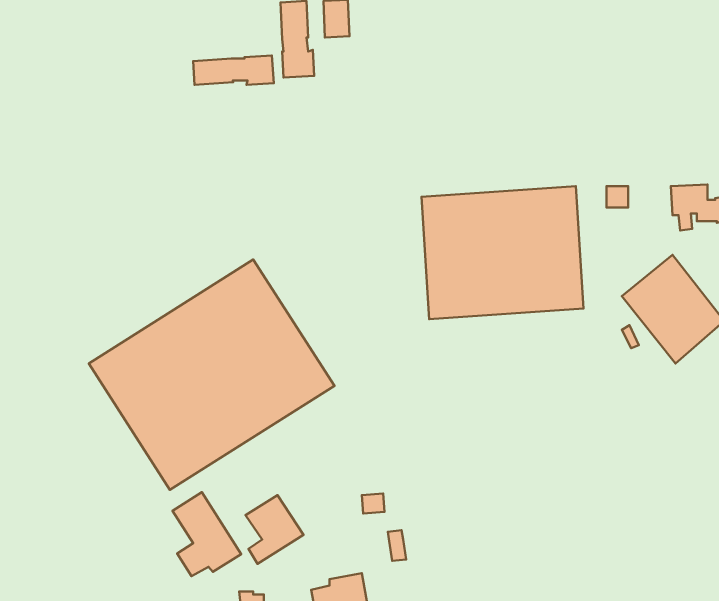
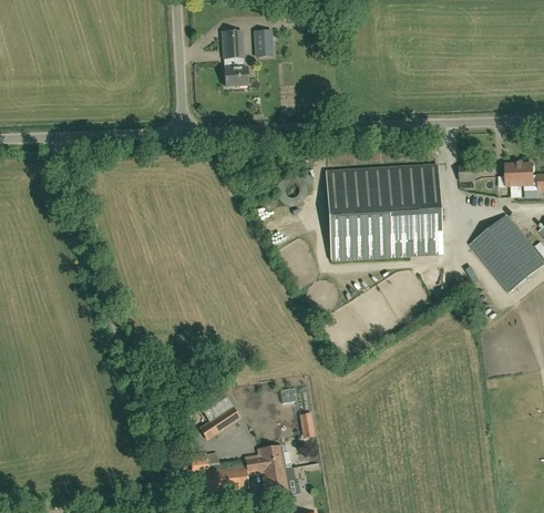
building: [193,55,274,85] -> none
building: [89,260,334,490] -> none
building: [172,492,241,576] -> none

